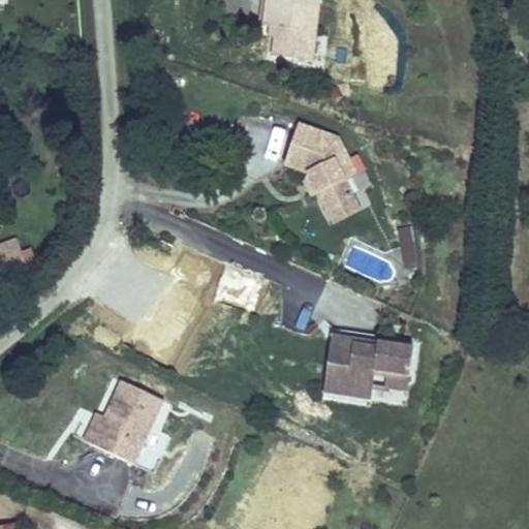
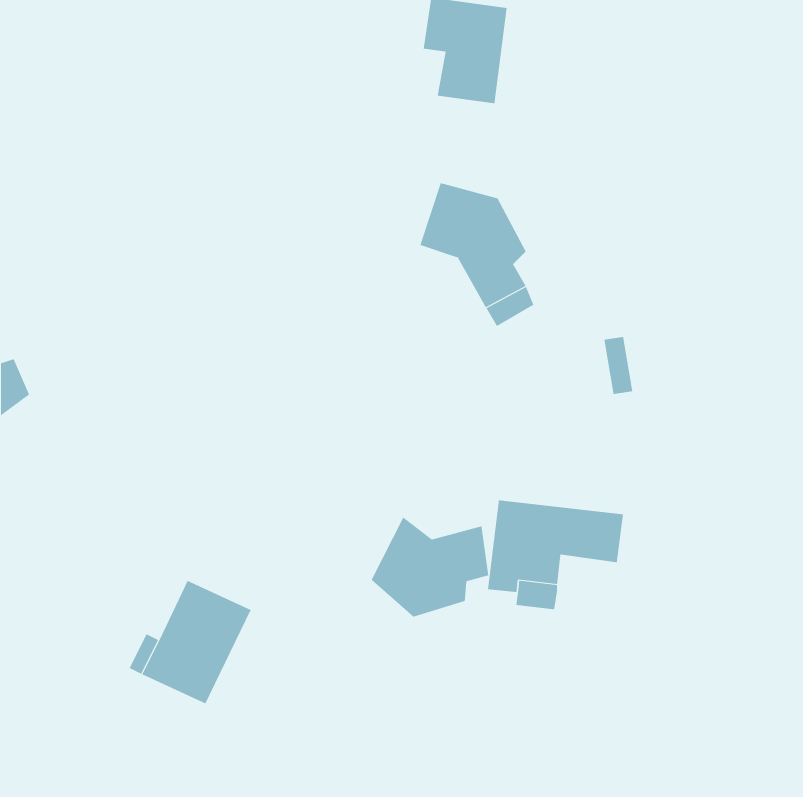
building: none -> [371,517,489,617]
building: [367,365,406,394] -> none

